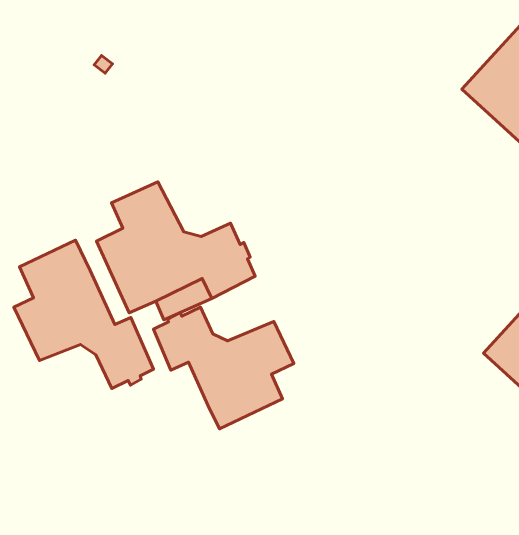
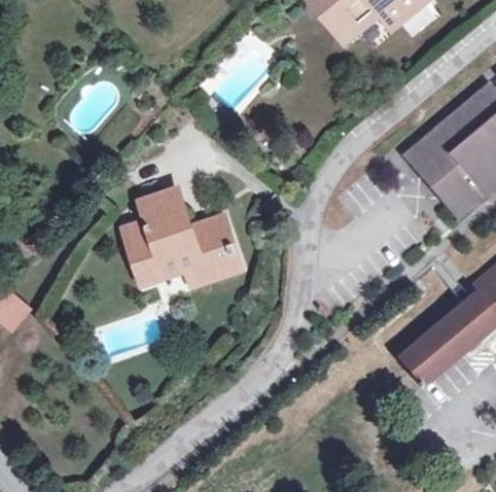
building: [14,240,153,388] -> none
building: [153,307,294,429] -> none

